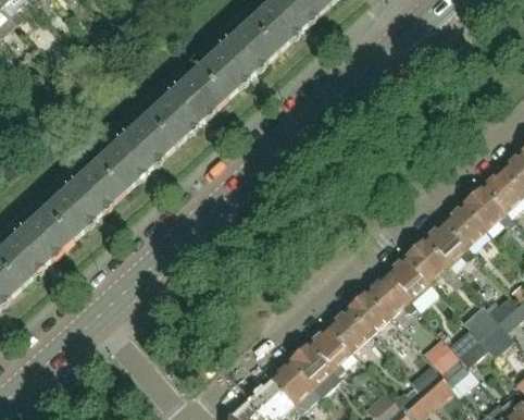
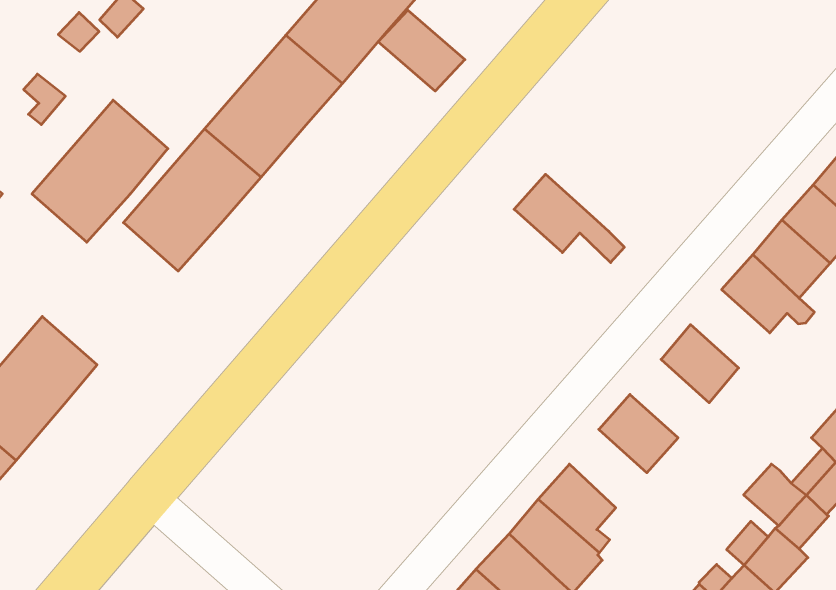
building: none -> [378,10,465,91]
building: [45,161,123,238] -> [32,100,168,242]
building: [403,237,462,291] -> [514,174,624,263]
building: [365,272,415,317] -> none
building: [327,307,370,351] -> none

